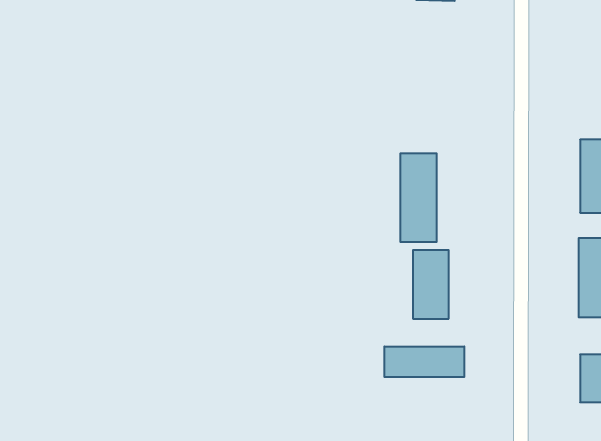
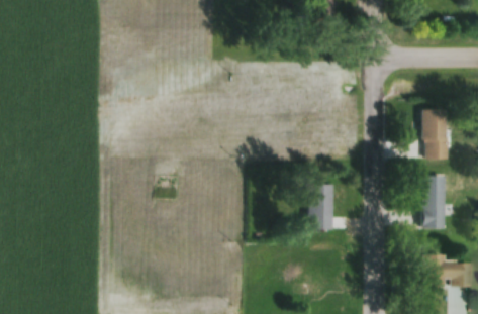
building: [400,153,437,242] -> none
building: [384,346,464,377] -> none

